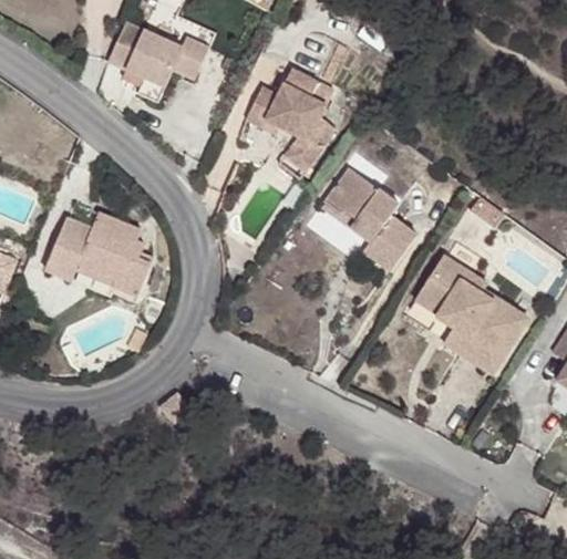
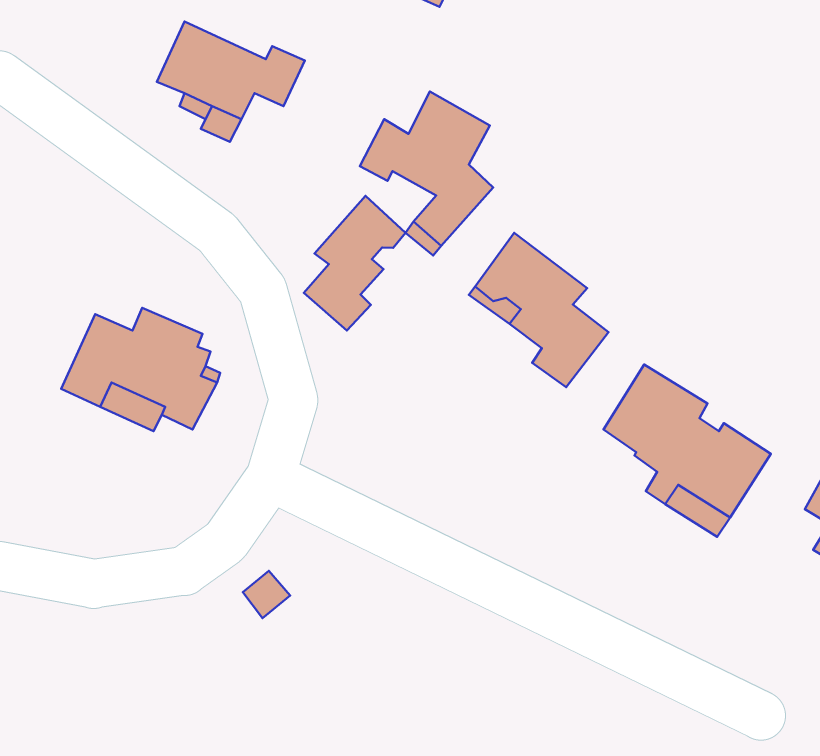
building: none -> [304,196,405,330]

